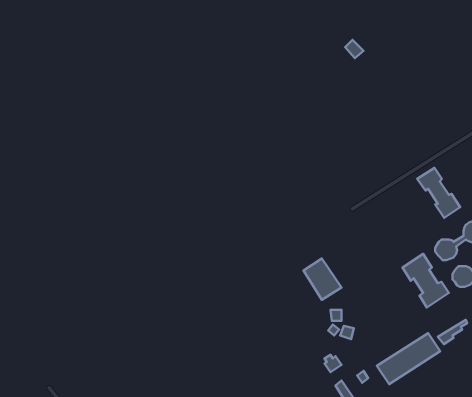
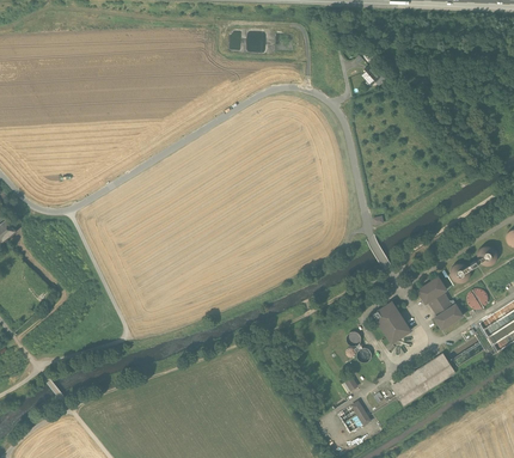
building: [417,168,460,218] -> none
building: [304,258,341,300] -> [373,301,410,342]

